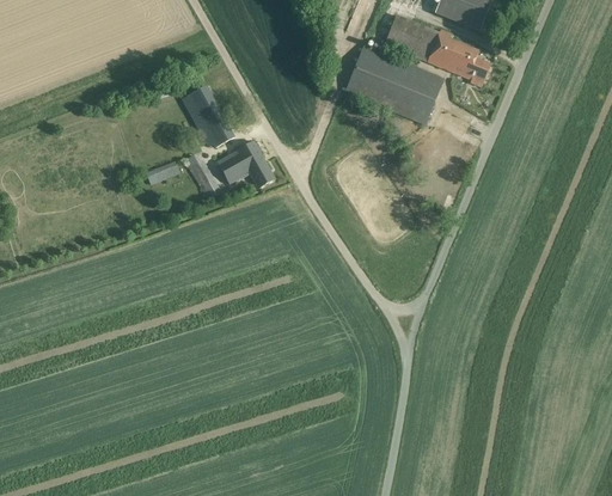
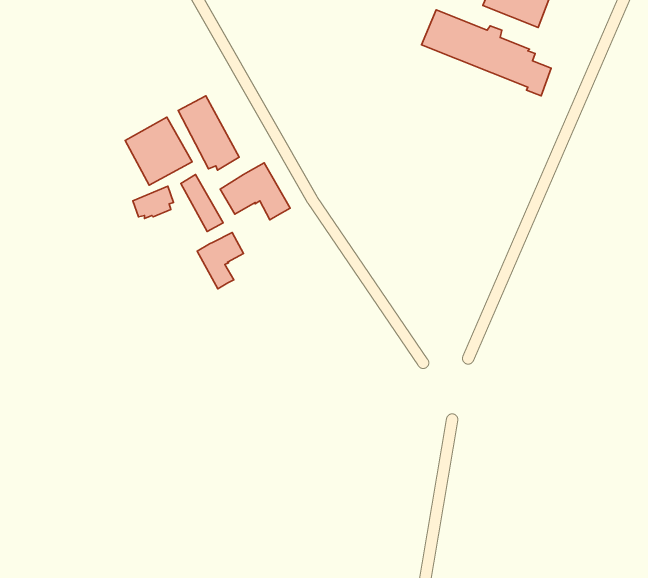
building: [347,45,443,124] -> none
building: none -> [125,117,192,185]
building: none -> [197,233,243,289]

